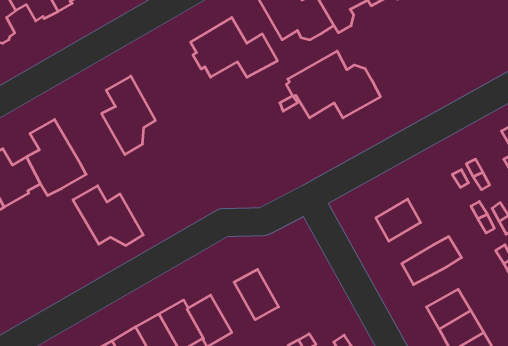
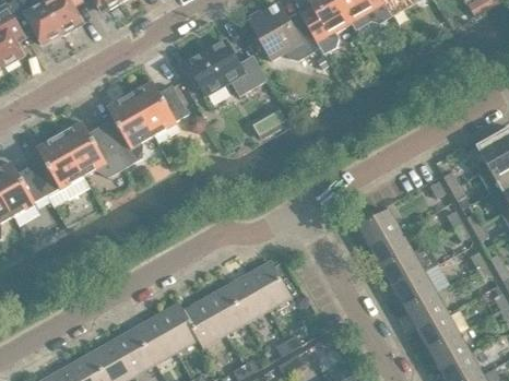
building: [286,51,380,118] -> none
building: none -> [130,81,188,135]
building: [73,186,143,245] -> [59,121,125,177]
building: none -> [370,230,412,269]
building: none -> [248,261,291,309]
building: none -> [393,272,435,309]
building: none -> [204,286,246,333]

